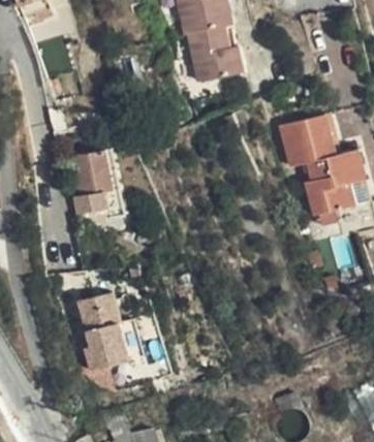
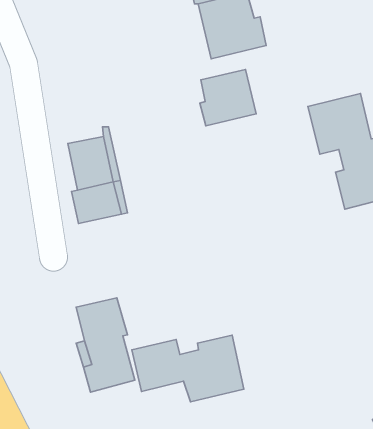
building: none -> [200,69,256,126]
building: none -> [132,335,244,402]

